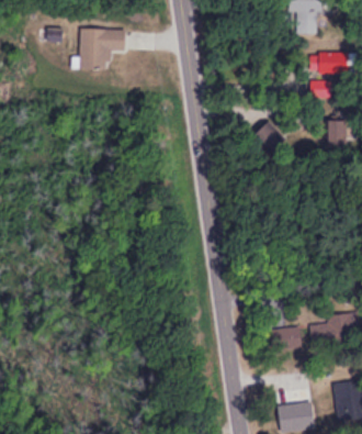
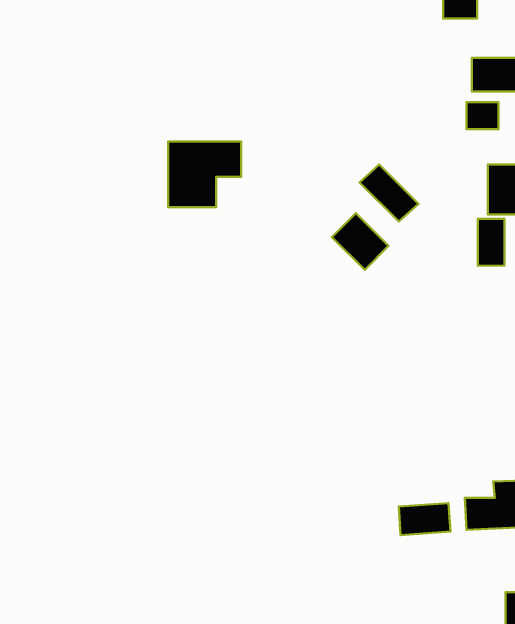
building: [80,29,125,69] -> [168,141,241,207]
building: none -> [332,213,389,270]
building: none -> [478,219,504,266]

